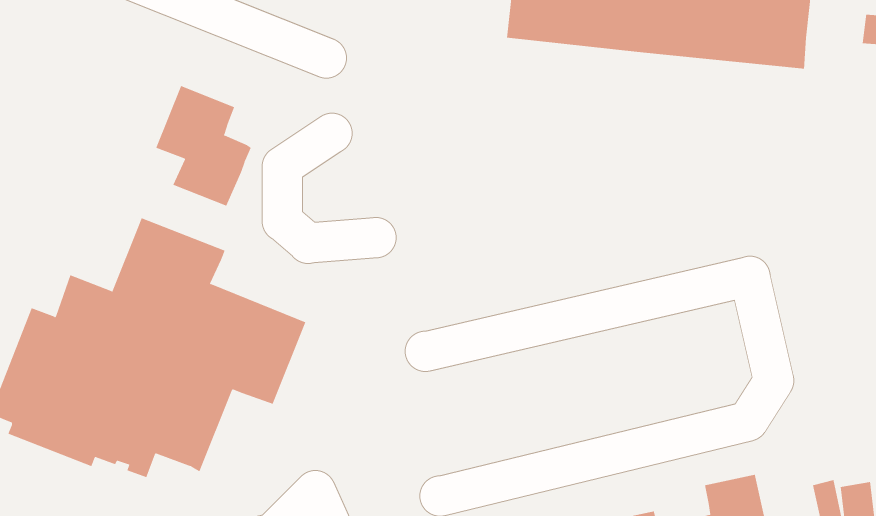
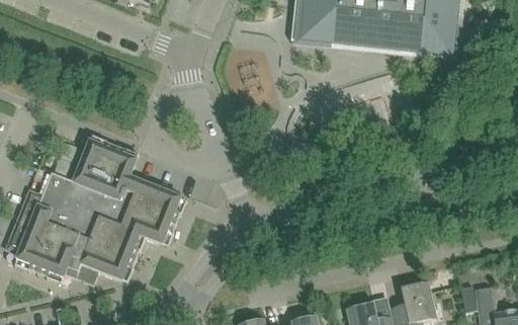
building: [155,85,251,207] -> none

